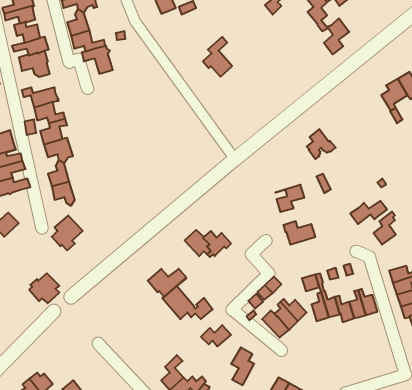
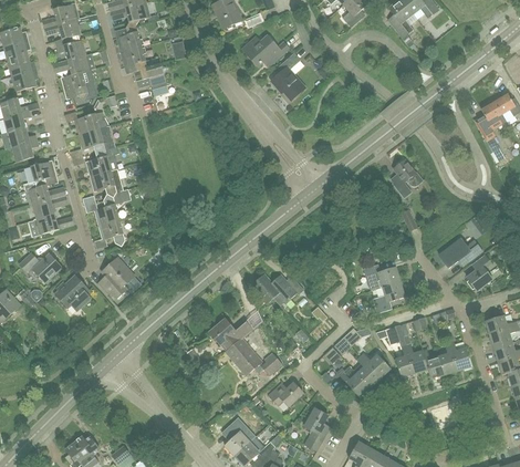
building: [324,18,349,54] -> none
building: none -> [242,35,289,65]
building: [275,185,304,212] -> [371,281,404,312]
building: [29,273,59,303] -> [55,274,90,309]

